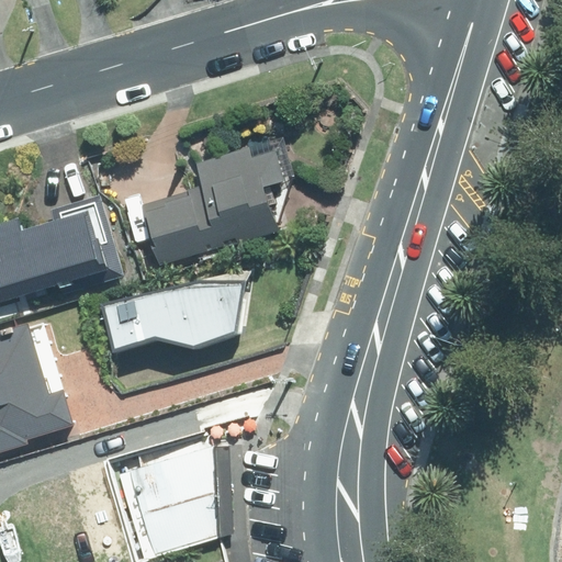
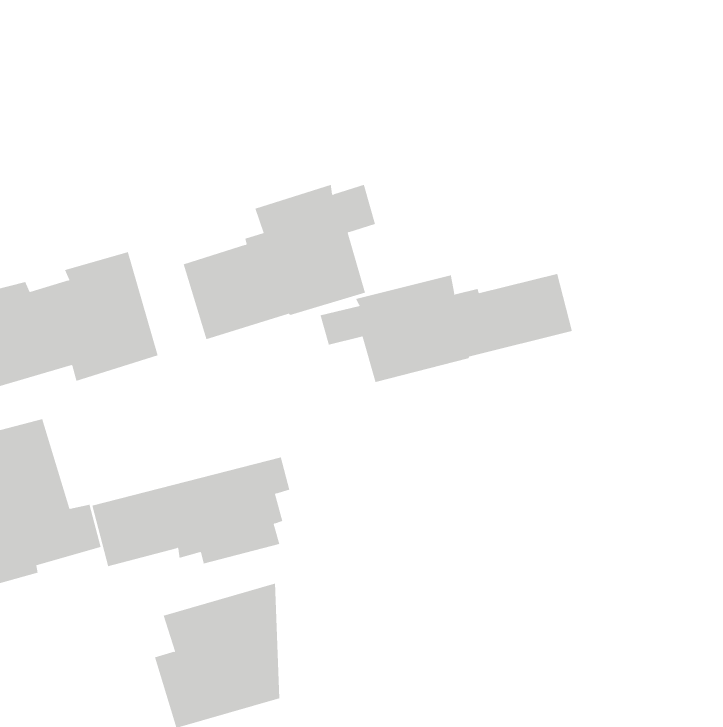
building: none -> [320,273,573,383]
building: [99,270,251,355] -> [92,457,290,567]

